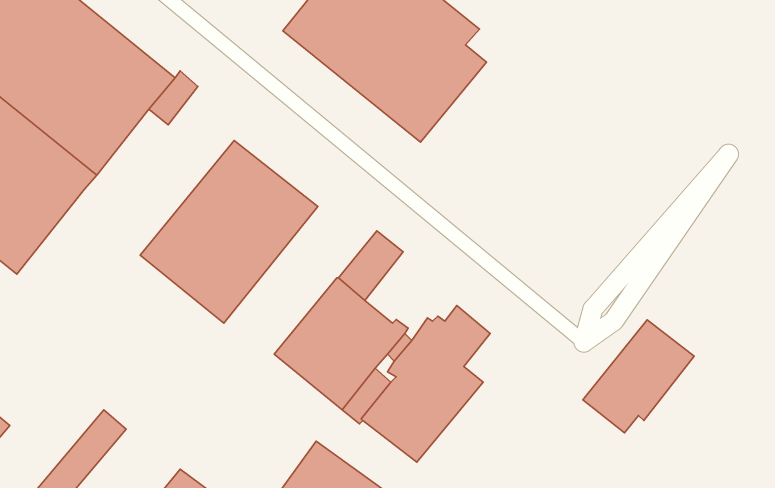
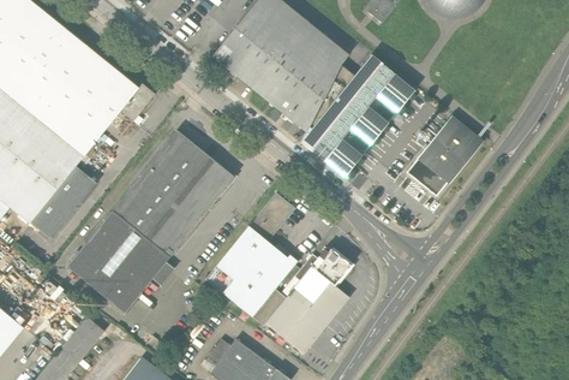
building: none -> [300,53,414,174]
building: none -> [28,164,95,238]
building: none -> [67,209,175,313]
building: [583,320,694,433] -> [405,114,481,192]

